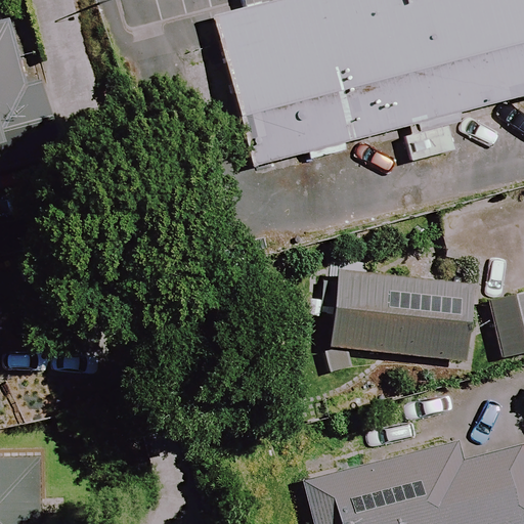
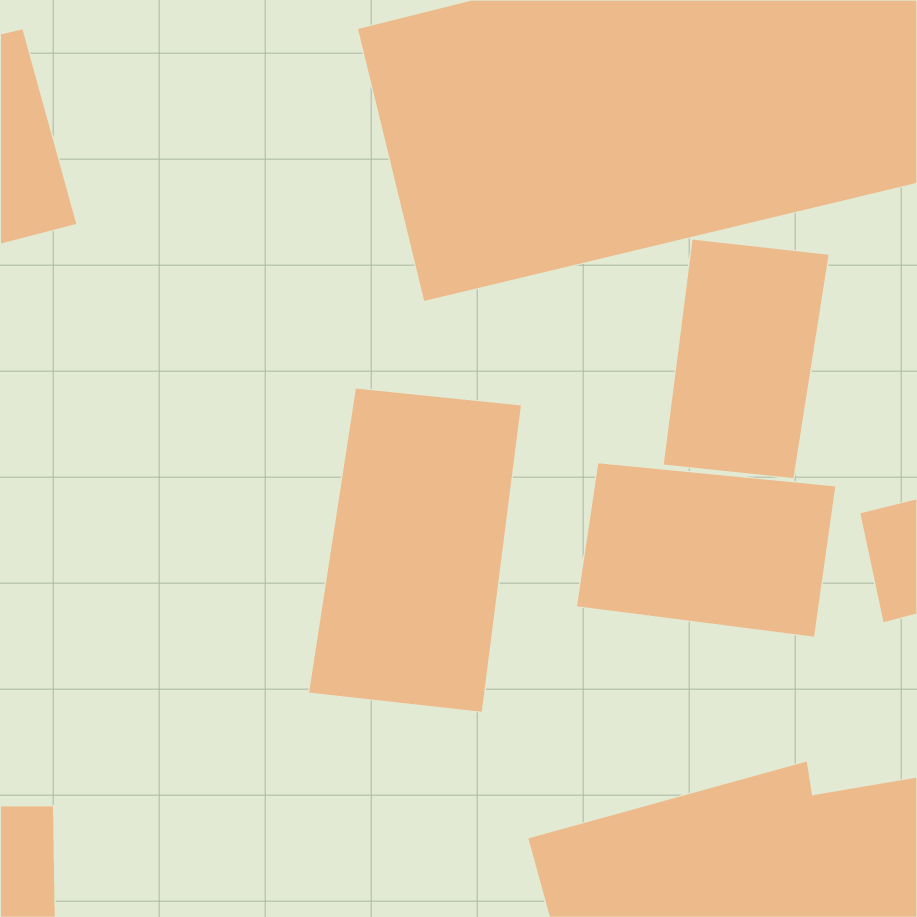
building: none -> [663,239,829,479]
building: none -> [308,388,522,712]

